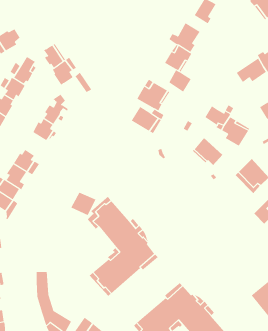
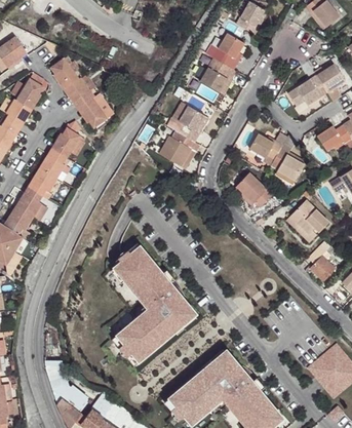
building: [168,70,191,93] -> none
building: none -> [78,98,107,126]
building: none -> [31,166,57,198]
building: [71,192,96,216] -> none

